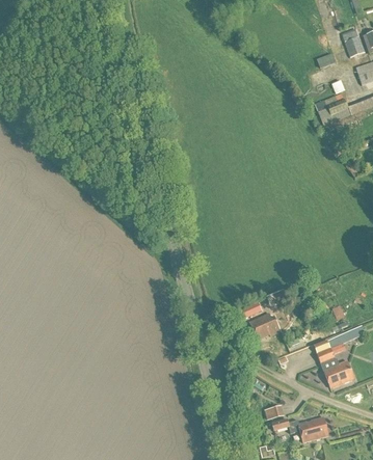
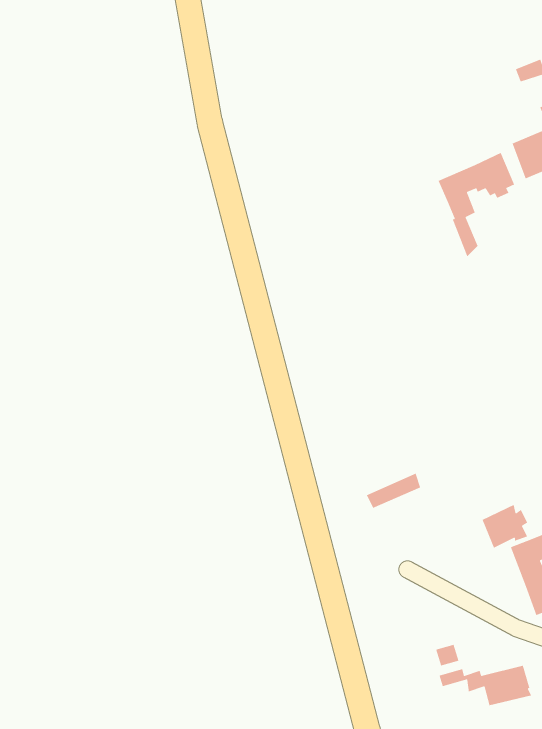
building: none -> [438,152,515,257]
building: [250,313,278,340] -> [481,504,528,549]

